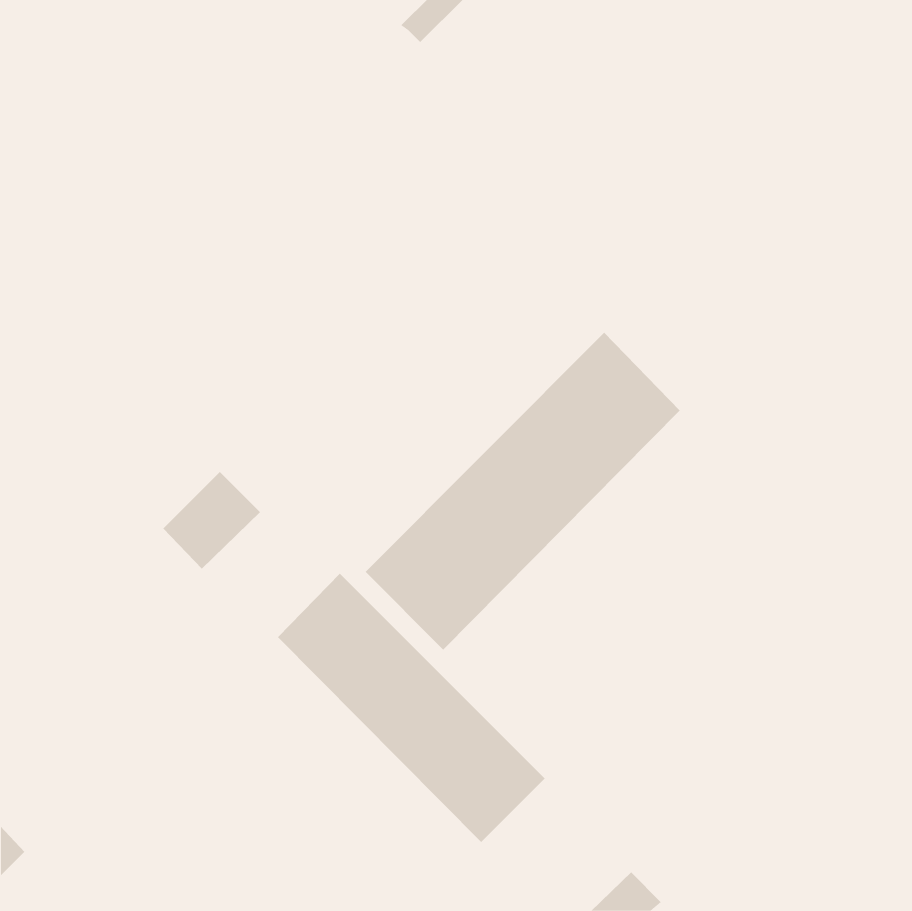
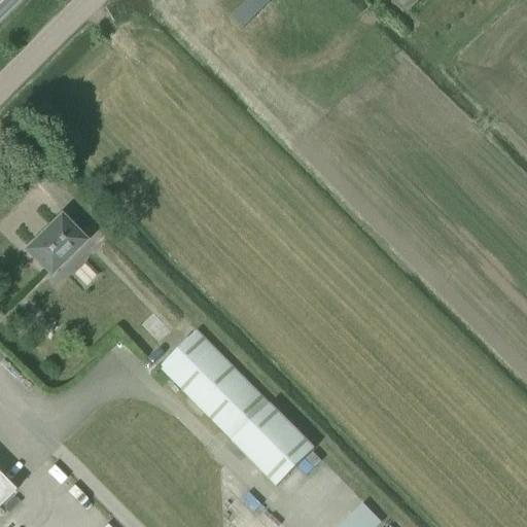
building: [365,332,681,650] -> none
building: [162,471,261,570] -> [28,216,84,273]

